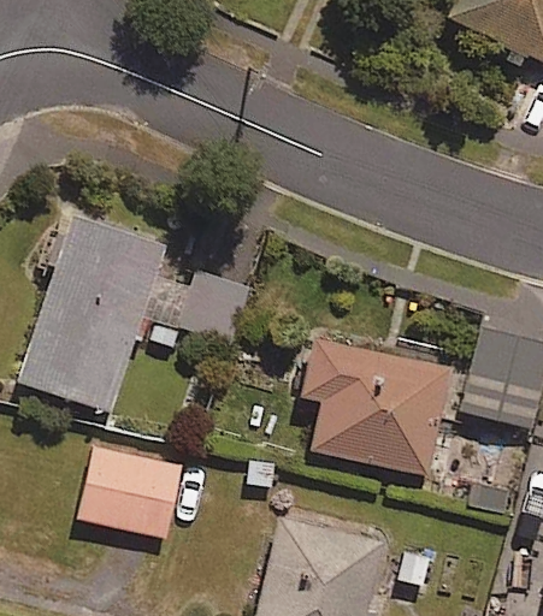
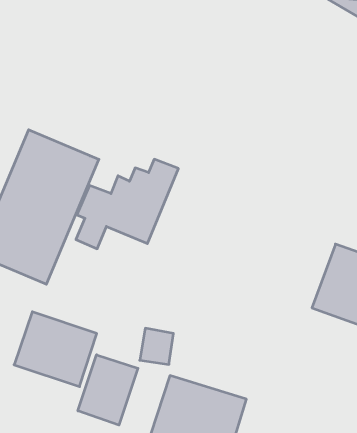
building: [302,336,453,475] -> none
building: none -> [78,355,138,425]

